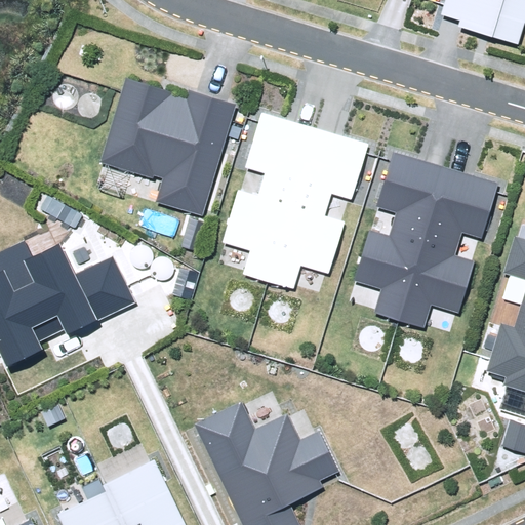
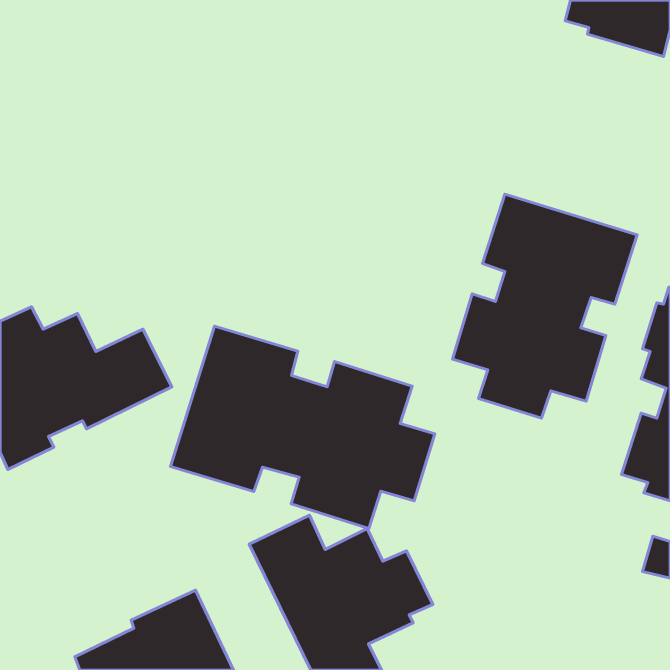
building: [102,79,236,215] -> none
building: [224,114,369,289] -> none
building: none -> [170,326,435,529]

